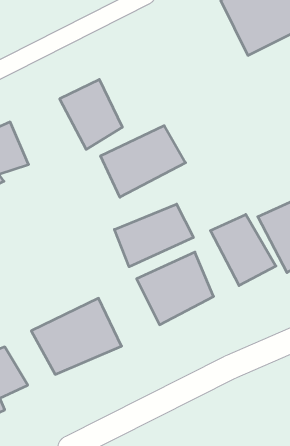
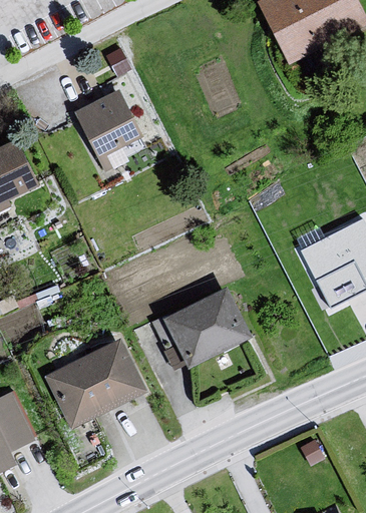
building: [101,126,186,197] -> none
building: [114,204,193,267] -> none
building: [210,214,276,286] -> none

